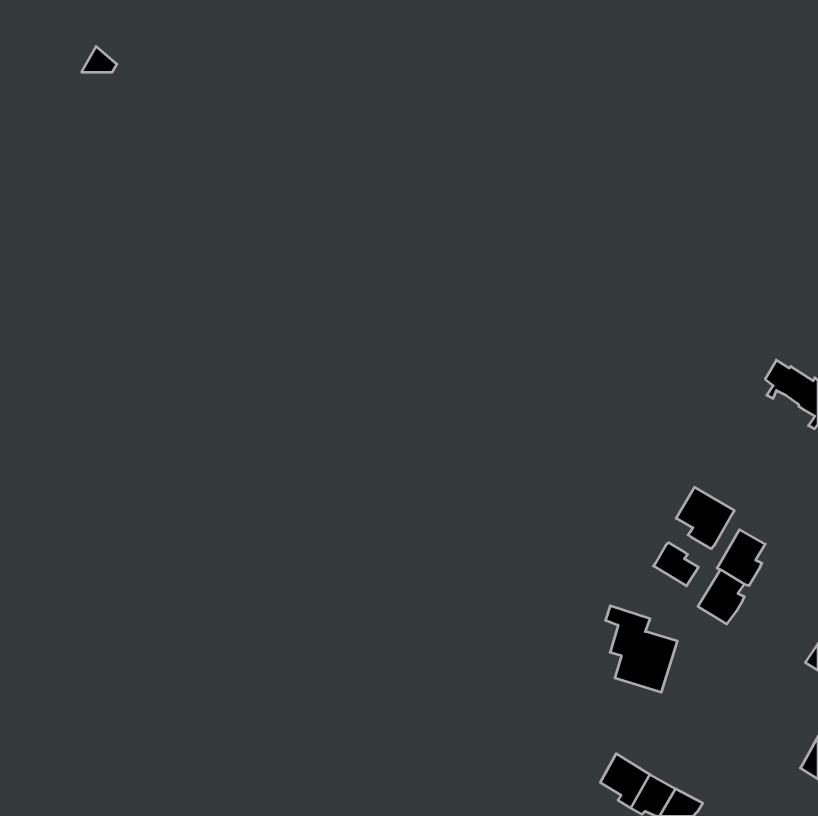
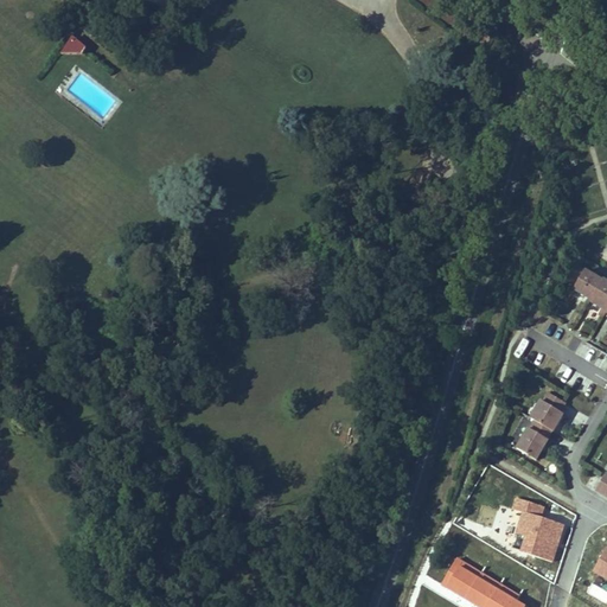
building: [676,487,734,549] -> none
building: [653,543,698,586] -> none
building: [605,606,677,692] -> [512,497,566,561]

